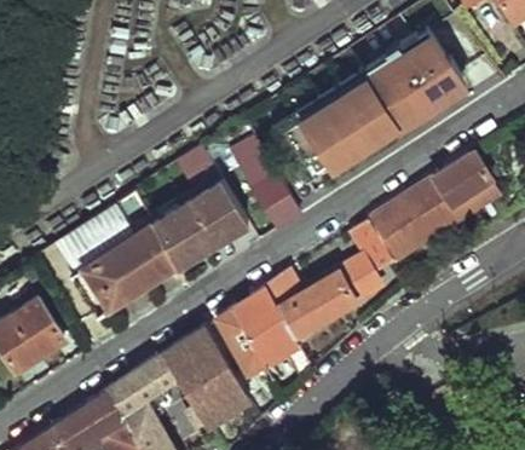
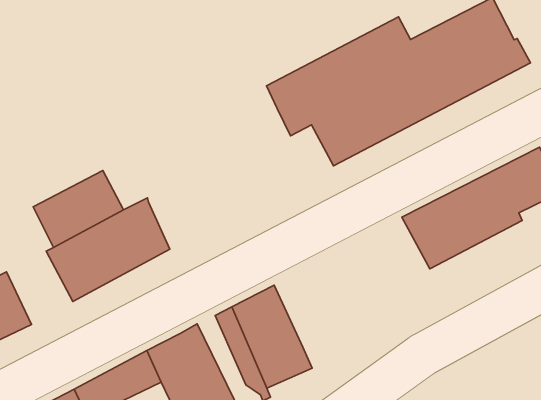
building: [231,139,300,231] -> none
building: [154,149,247,269] -> none
building: [266,220,396,338] -> none

